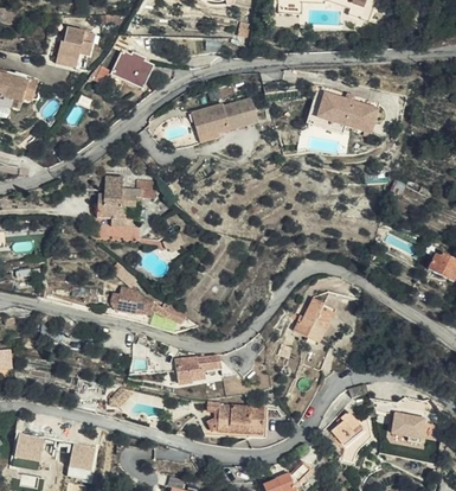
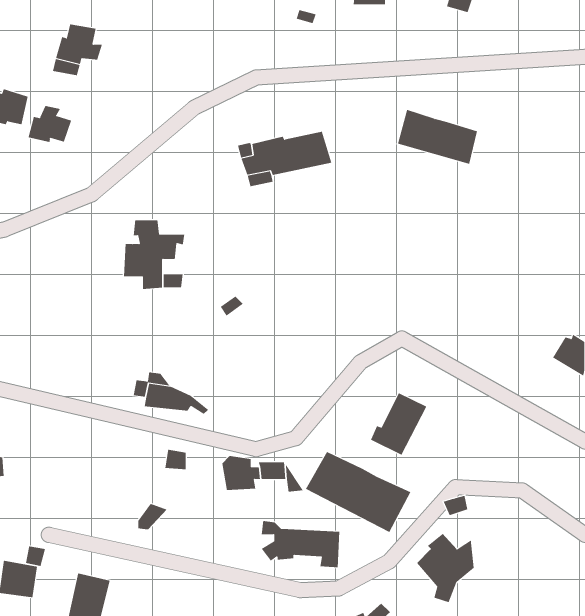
building: [114,50,152,82] -> none
building: none -> [28,105,72,143]
building: none -> [305,451,411,533]
building: [388,407,424,435] -> none

